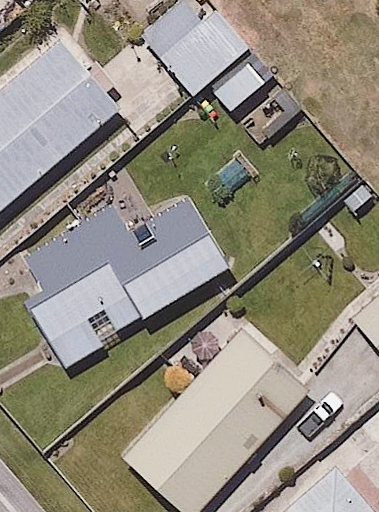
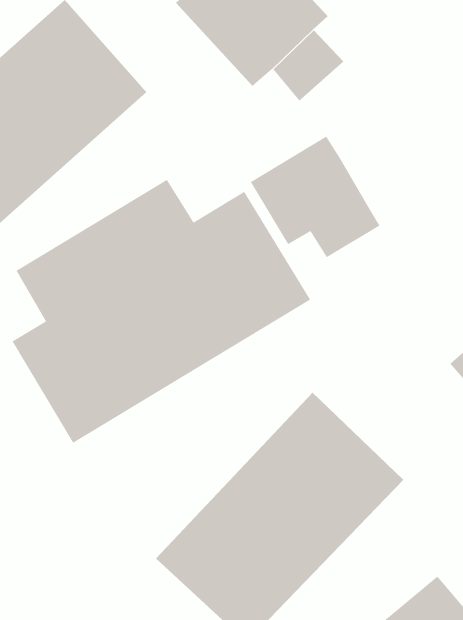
building: none -> [250,135,381,258]

